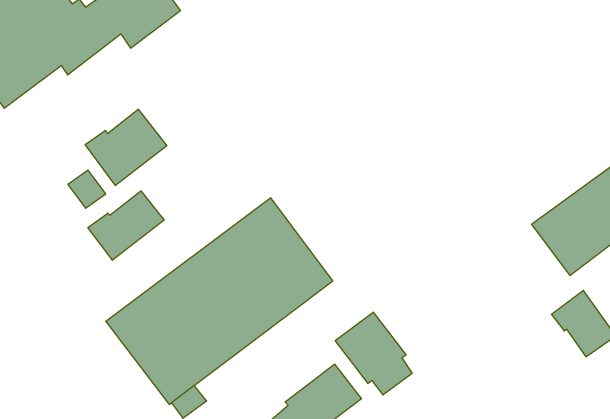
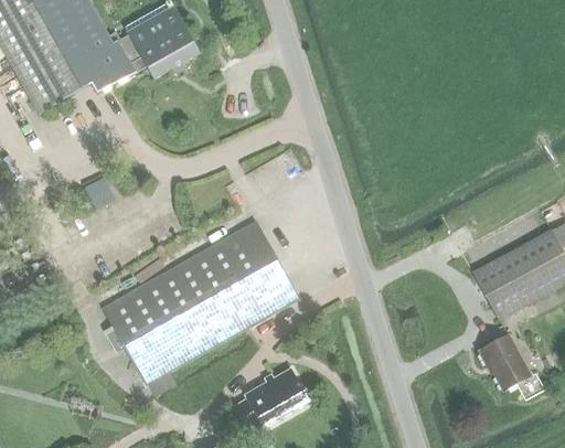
building: [85,109,167,186] -> none
building: [88,191,164,260] -> none
building: [335,312,412,395] -> none

